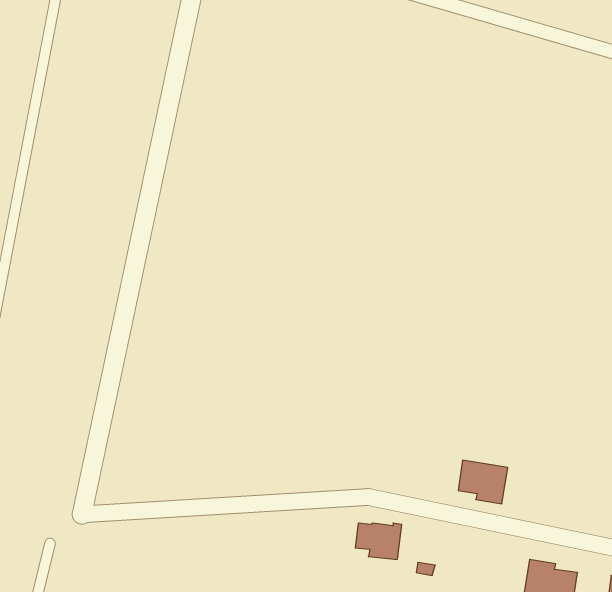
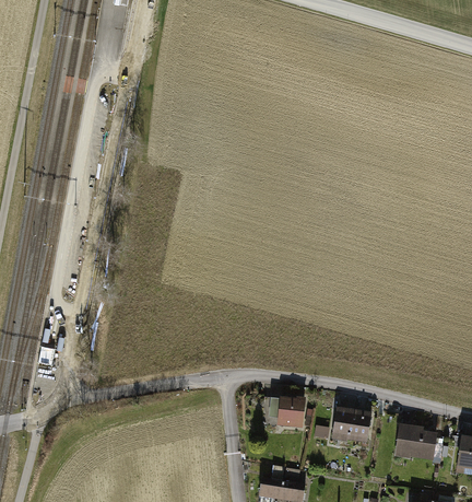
building: [458,460,508,504] -> [333,407,370,440]

